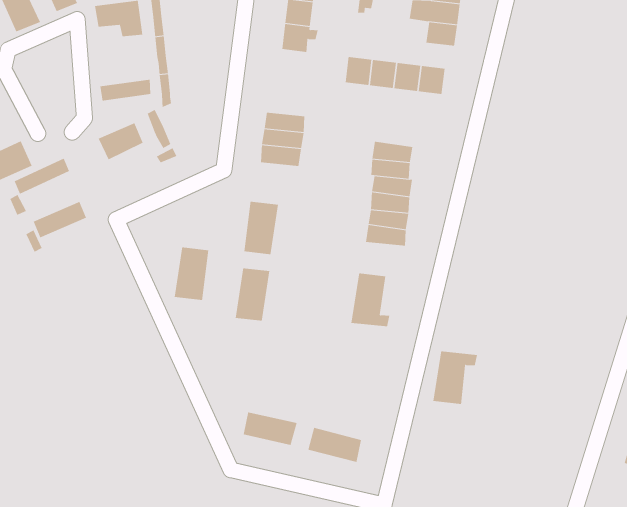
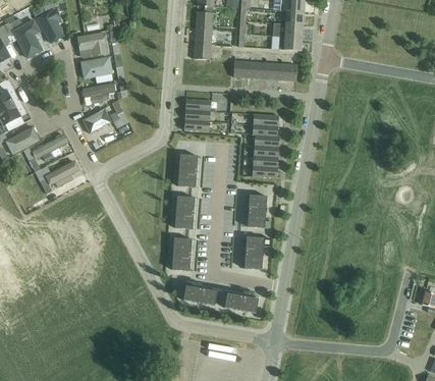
building: none -> [78,57,111,79]
building: [174,247,209,301] -> [171,237,192,270]
building: [433,351,478,404] -> [243,236,270,269]

